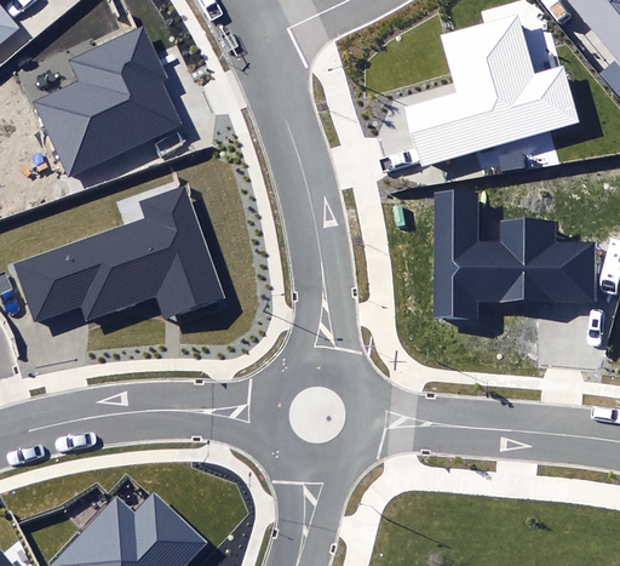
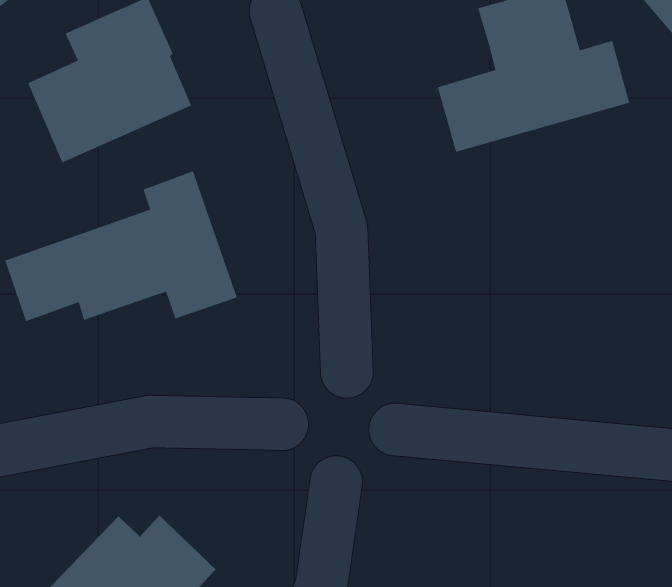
building: [434,193,596,316] -> none

